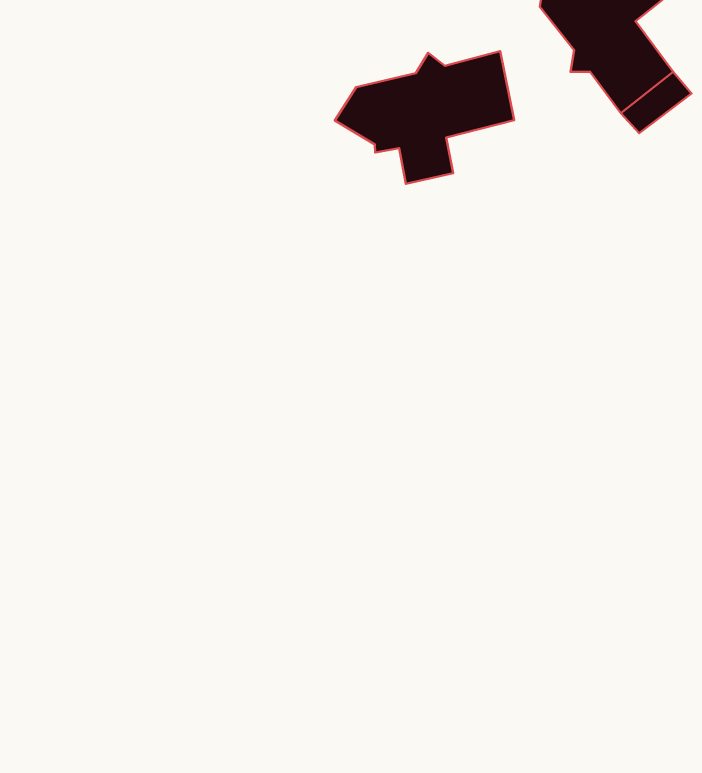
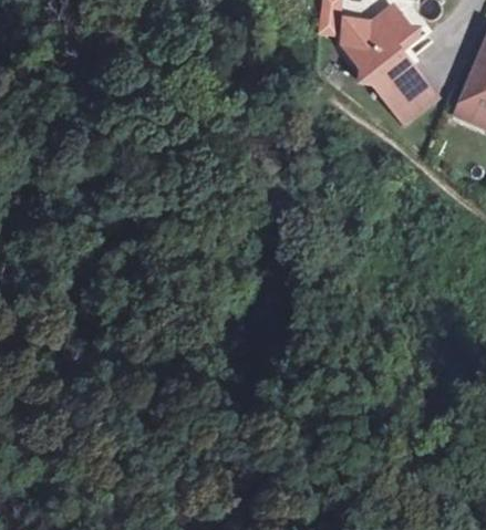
building: [335,51,514,184] -> none

